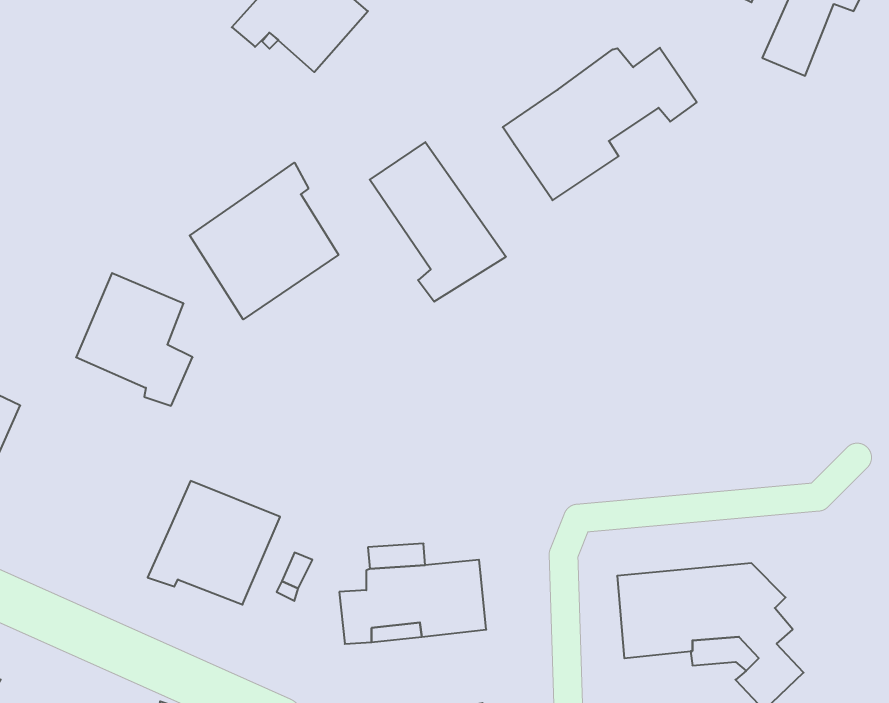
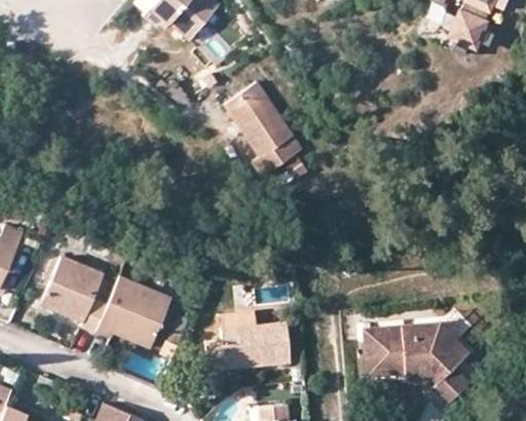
building: [503,48,697,200] -> none
building: [190,163,338,319] -> none
building: [76,273,193,406] -> [41,256,108,332]

